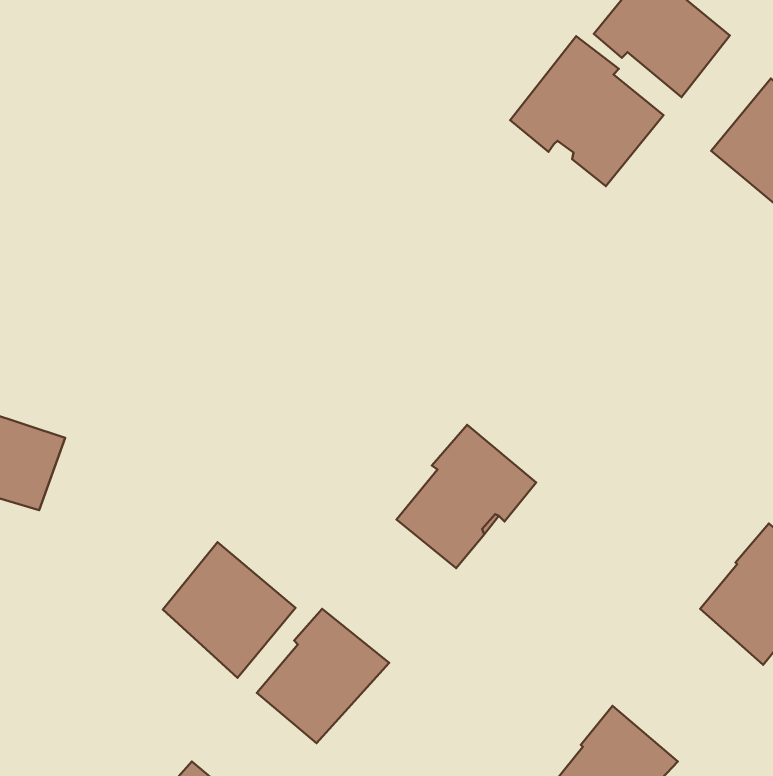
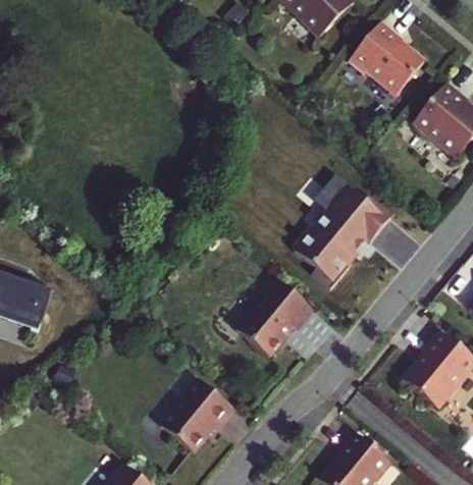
building: [510,36,663,186] -> none
building: none -> [296,176,391,287]
building: [163,542,296,678] -> none

